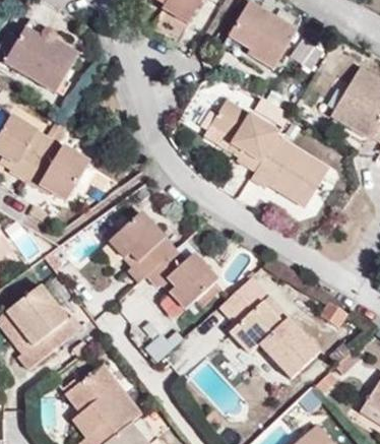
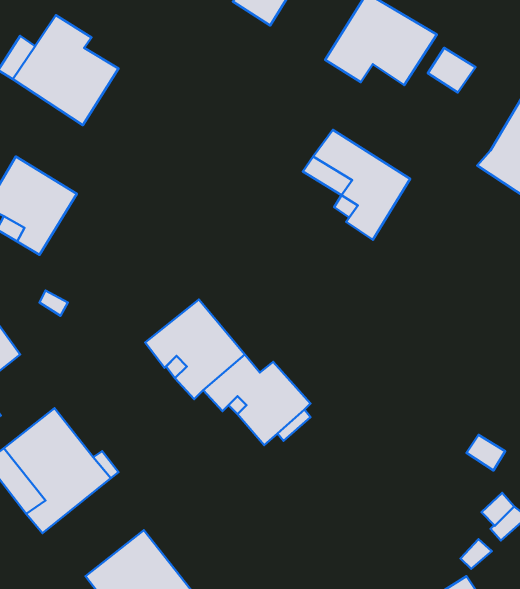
building: [250,126,337,208] -> none
building: [28,136,92,197] -> none
building: [229,282,319,380] -> none

